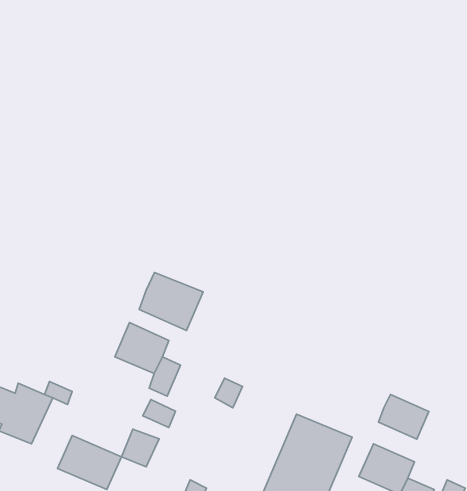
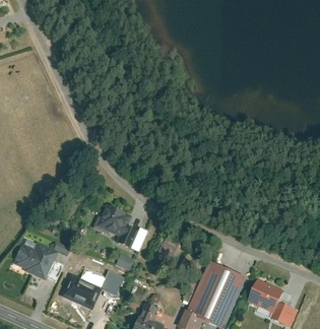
building: [139,272,203,330] -> none
building: [379,395,429,439] -> none

